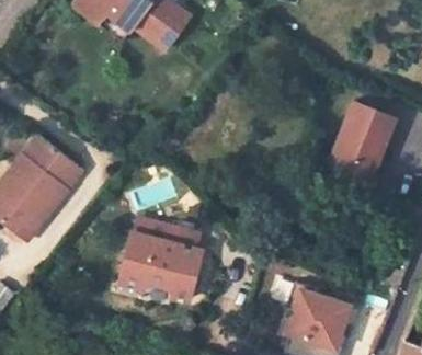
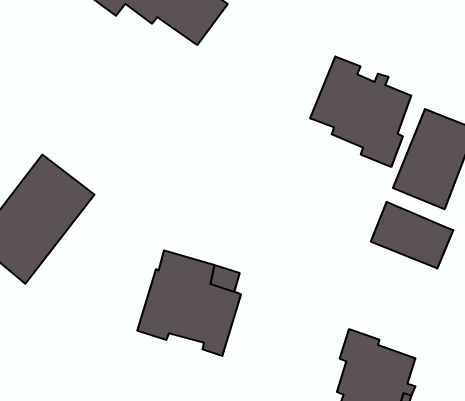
building: none -> [310,56,411,167]
building: none -> [371,202,453,269]

